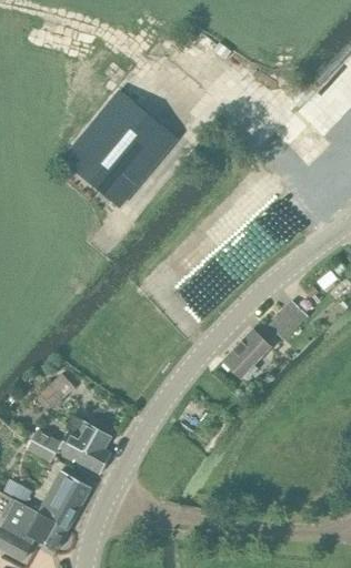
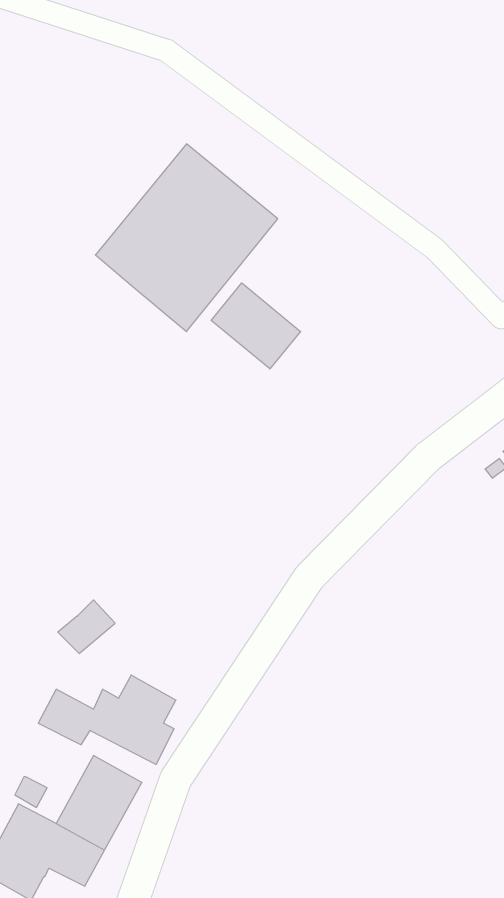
building: none -> [211,283,301,369]
building: [270,302,308,339] -> none
building: [222,328,271,378] -> none

